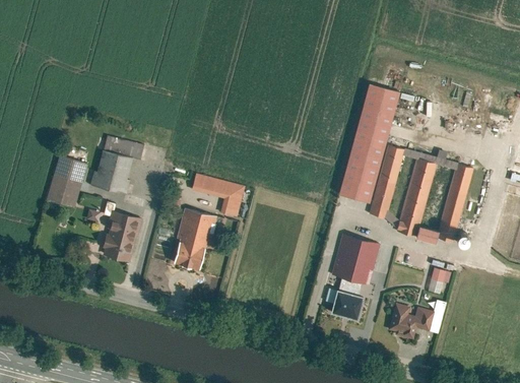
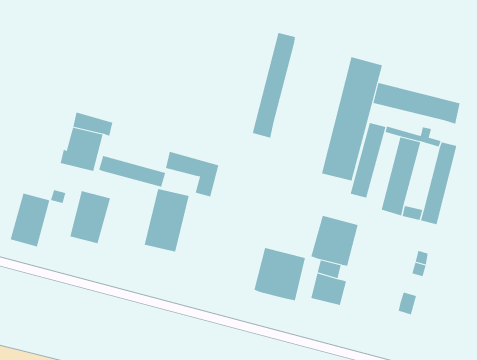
building: none -> [252,32,295,138]
building: none -> [373,82,460,125]
building: [47,155,85,207] -> [10,193,50,247]
building: none -> [99,155,166,188]
building: none -> [254,247,305,301]
building: [387,304,416,339] -> none

